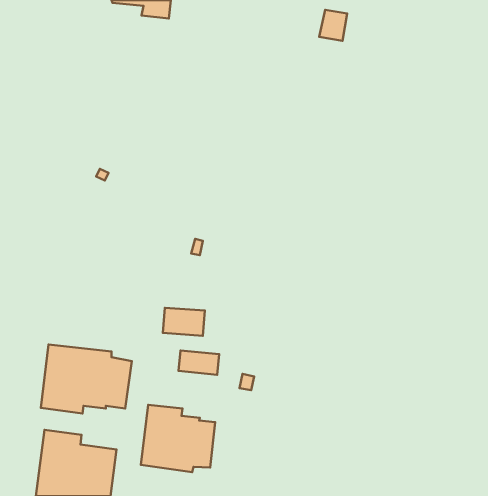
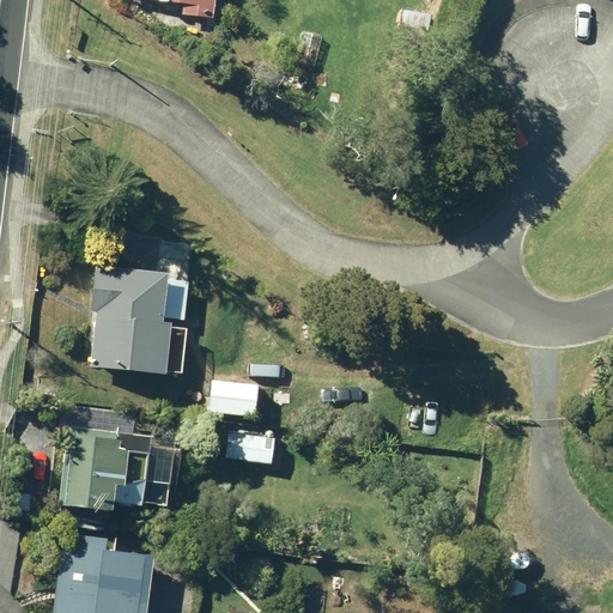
building: none -> [92,265,194,372]
building: [141,405,215,472] -> none

